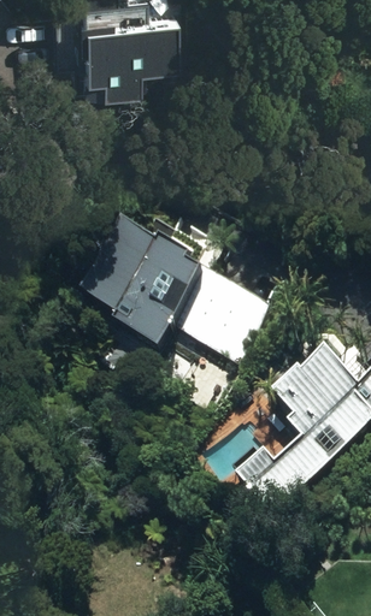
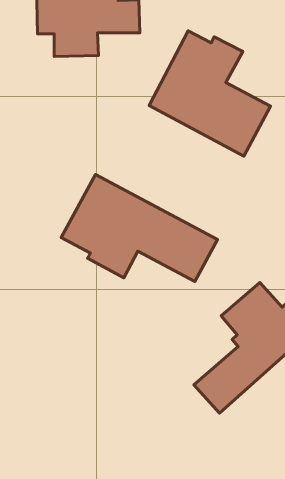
building: none -> [149,31,271,156]

